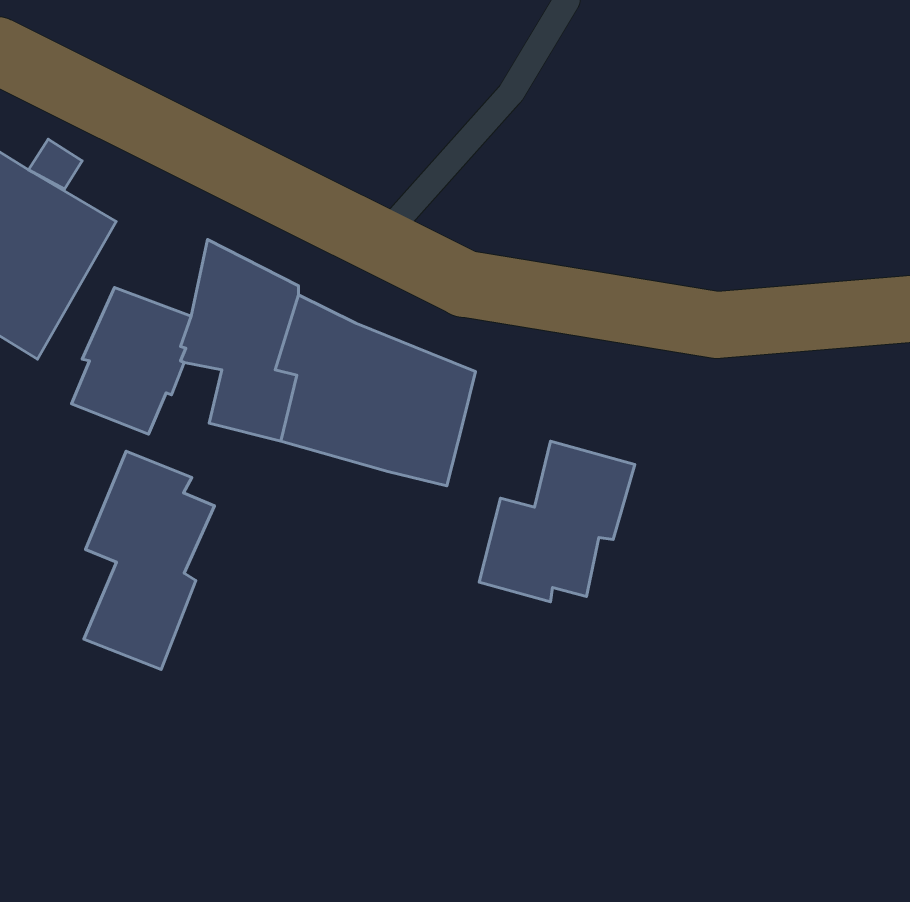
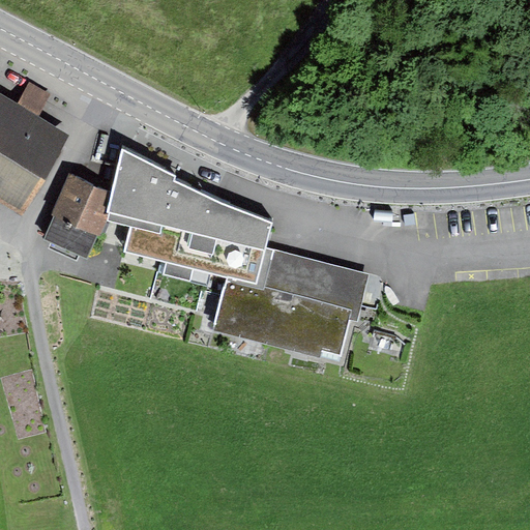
building: none -> [213,251,319,344]
building: [84,451,215,670] -> none

